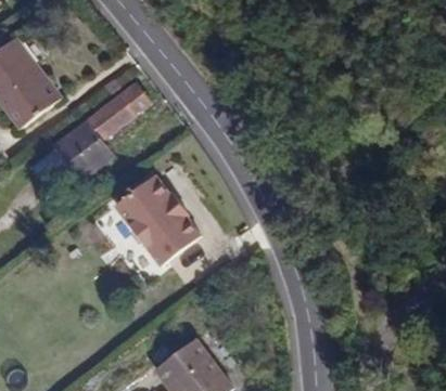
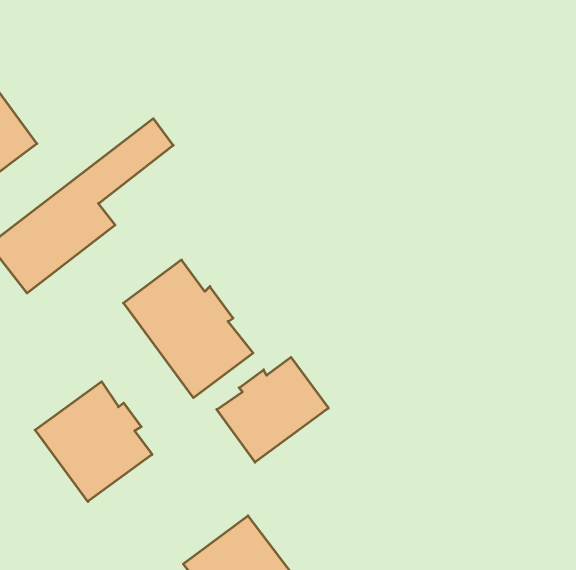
building: none -> [217,357,328,462]
building: none -> [35,382,152,502]

